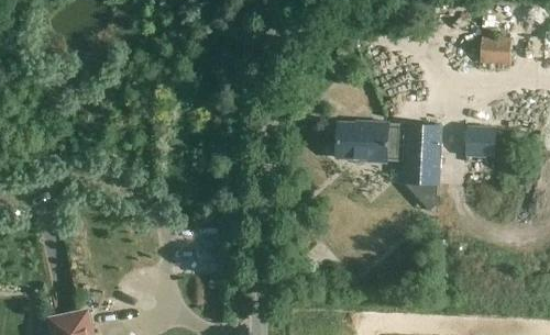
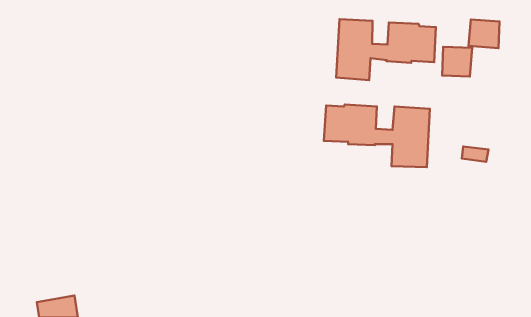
building: none -> [336,19,436,80]
building: [466,126,496,156] -> [442,47,472,77]

